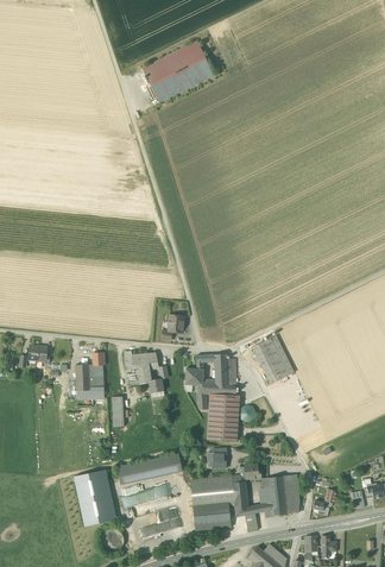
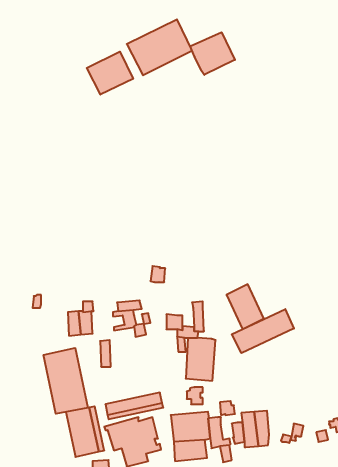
building: none -> [190,32,235,75]
building: none -> [87,52,133,95]
building: none -> [232,309,294,353]
building: none -> [44,348,88,414]

